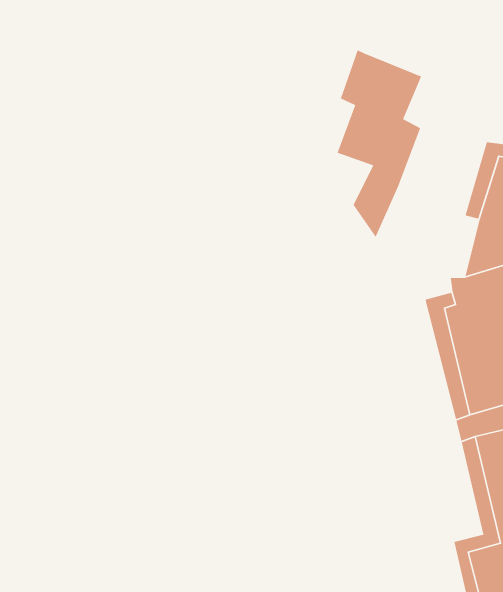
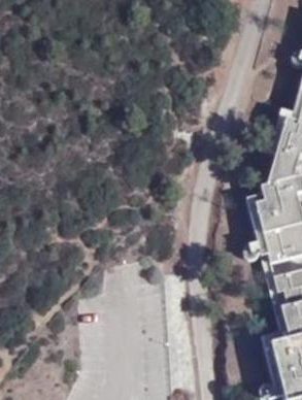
building: [337,49,422,239] -> none

